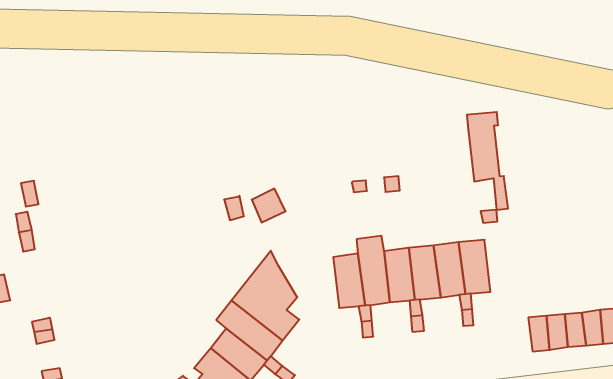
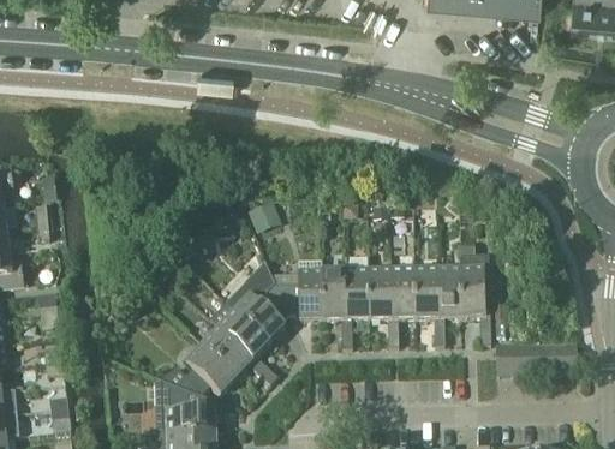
building: [467,112,508,210] -> [460,257,490,346]
building: none -> [270,263,322,322]

